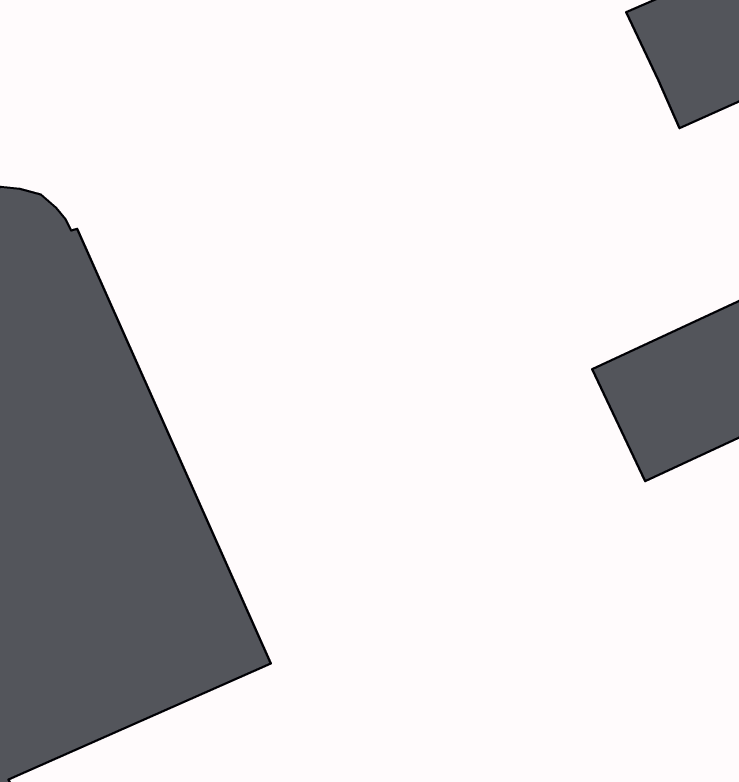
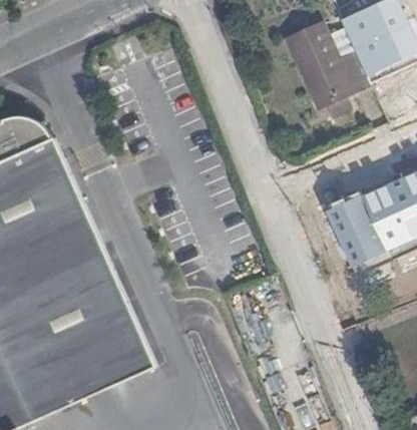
building: none -> [284,28,371,113]

